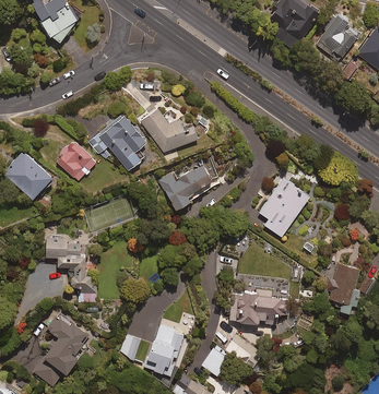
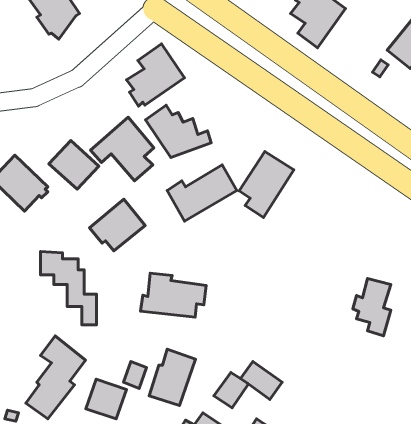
building: [316,20,355,64] -> none
building: none -> [127,44,184,106]
building: [259,176,308,235] -> [239,152,294,218]
building: none -> [89,199,145,251]
building: [227,284,286,323] -> [140,273,206,317]
building: none -> [86,379,127,419]

